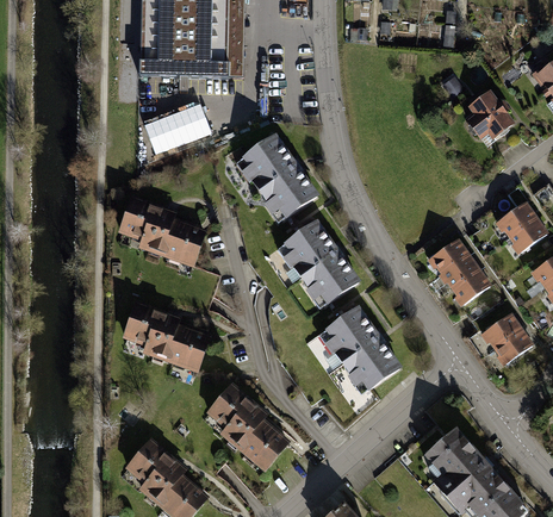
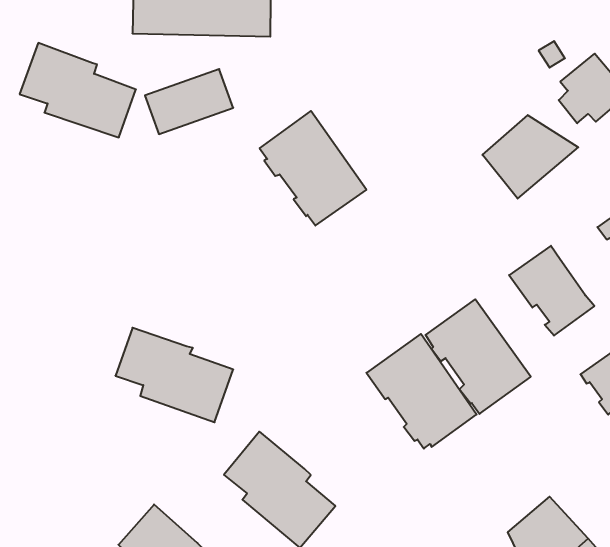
building: none -> [482,115,578,199]
building: [118,193,207,266] -> [20,43,136,137]
building: [277,220,358,309] -> [425,299,531,414]

